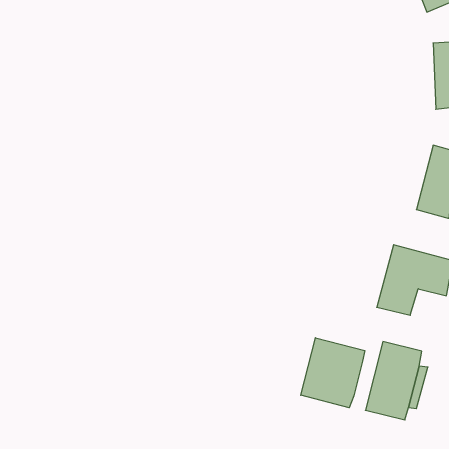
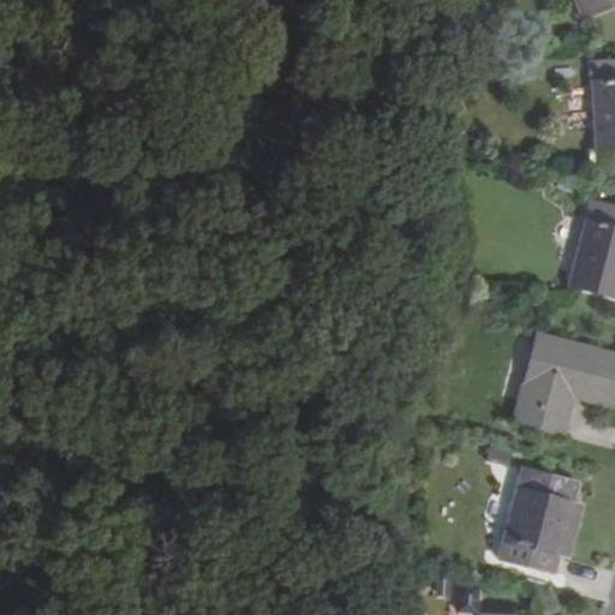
building: [301,338,365,408] -> none

